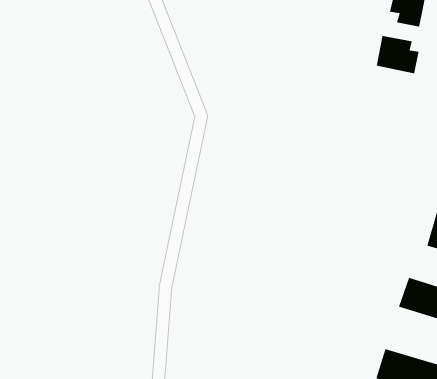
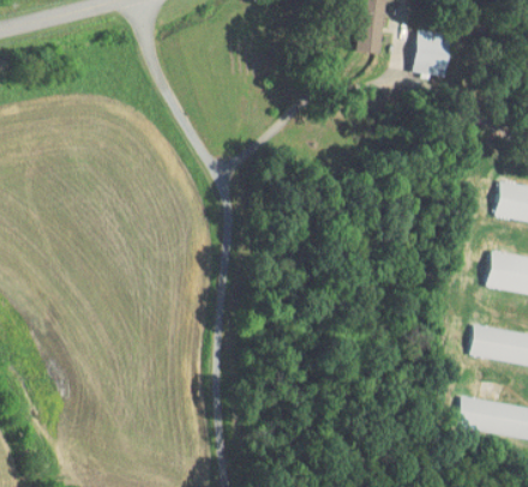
building: [376,35,419,74] -> none

